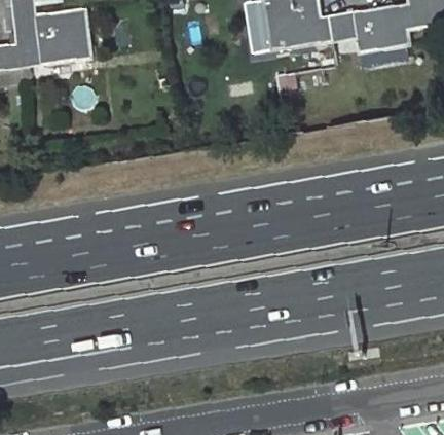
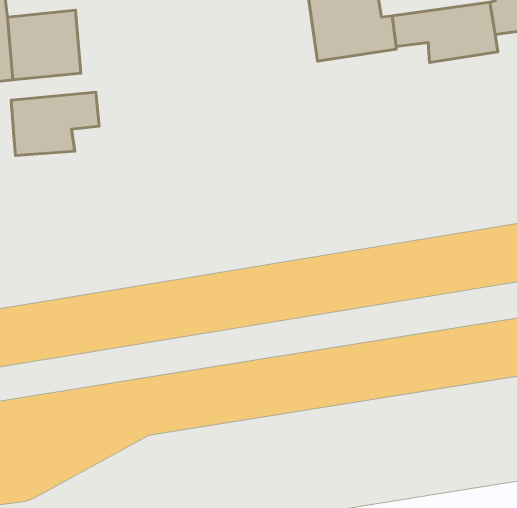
building: none -> [11,92,99,155]

